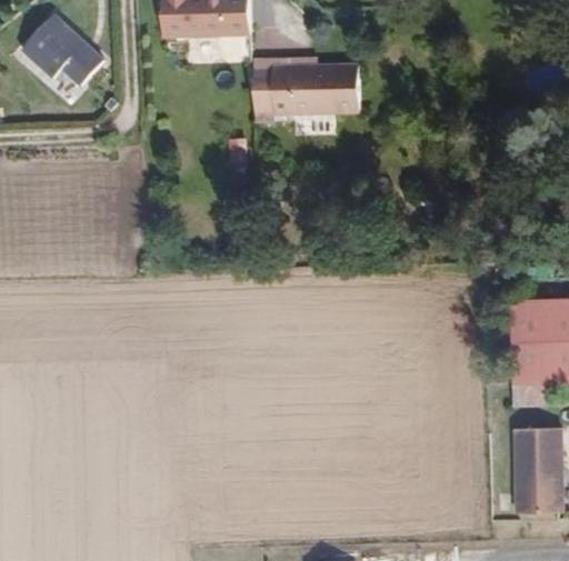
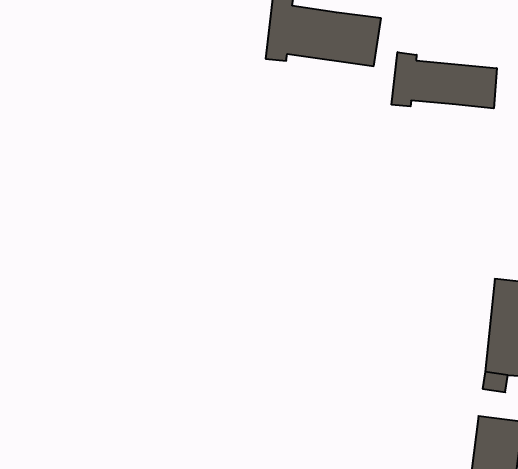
building: none -> [392,52,497,108]

